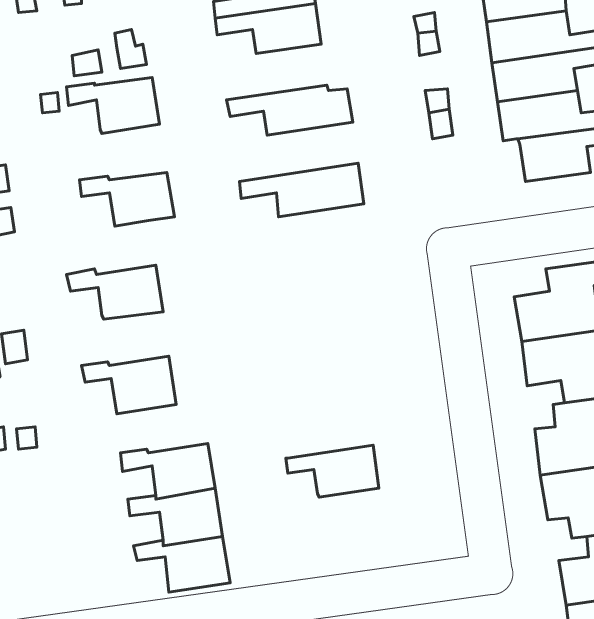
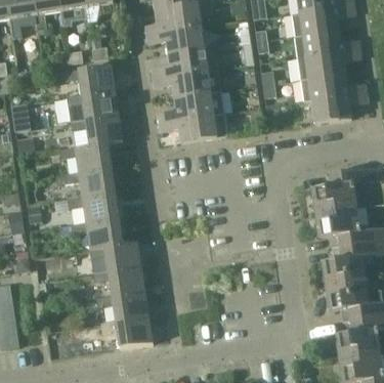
building: none -> [151,47,207,78]
building: none -> [158,90,224,123]
building: none -> [67,91,119,122]
building: none -> [60,144,113,174]
building: none -> [68,195,120,224]
building: [286,445,379,497] -> [90,244,141,272]

